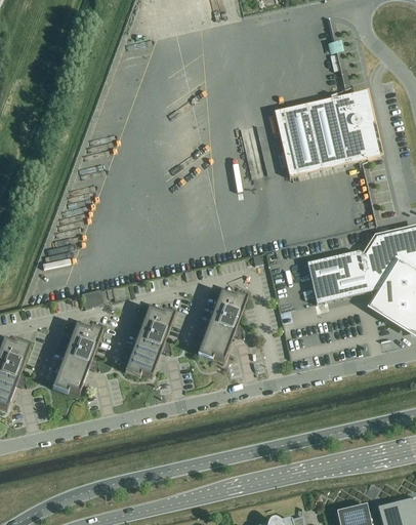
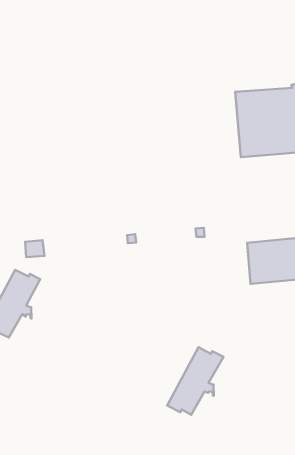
building: [197,289,247,359] -> [167,347,223,415]
building: [124,306,174,375] -> none

